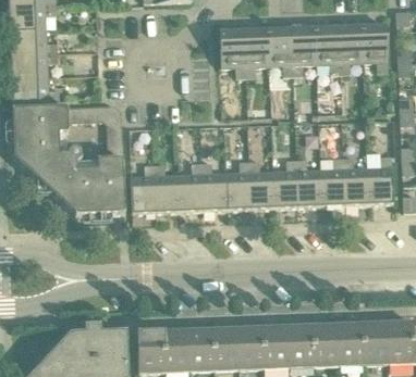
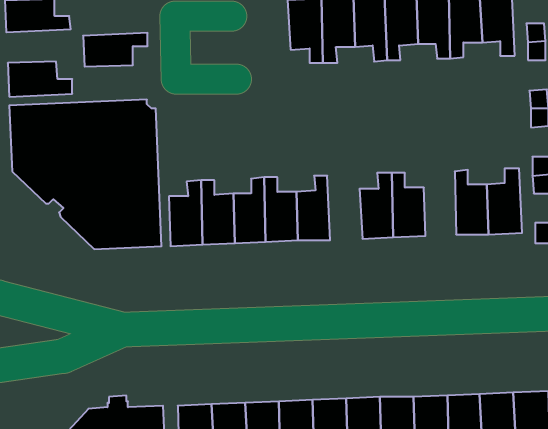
building: [10,52,58,77] -> [83,33,148,67]
building: [320,158,344,205] -> none
building: [248,160,274,209] -> none

